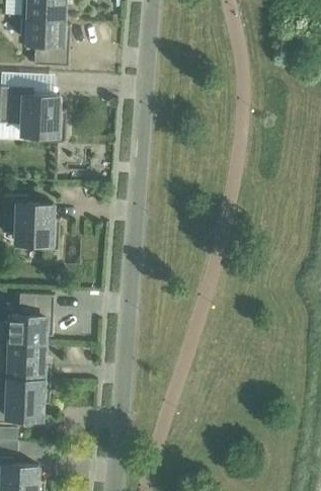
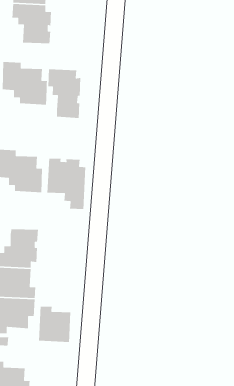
building: none -> [48,68,81,119]
building: none -> [47,158,86,210]
building: none -> [38,306,71,343]

